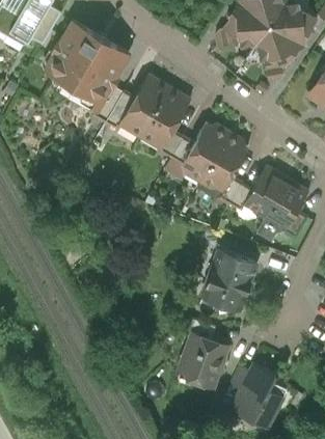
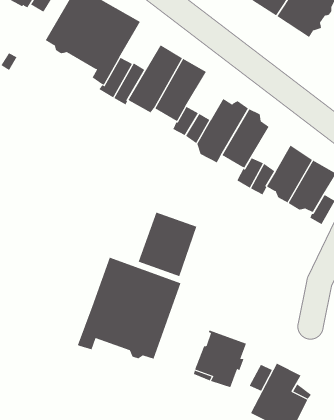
building: [202,251,256,310] -> [138,212,197,277]
building: none -> [77,257,181,360]

